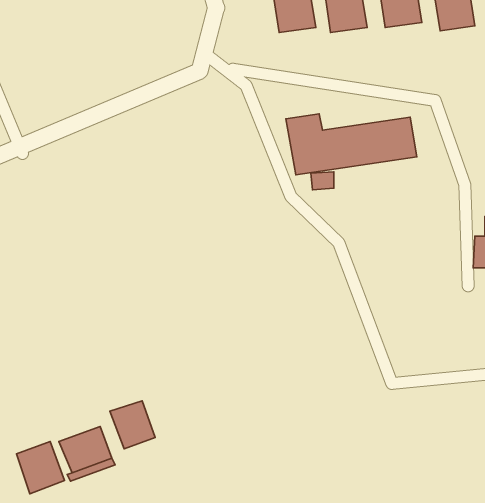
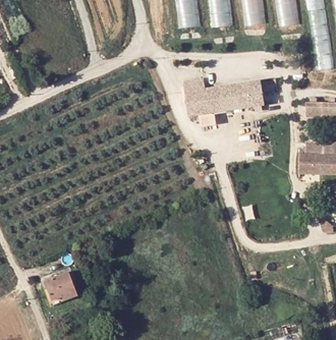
building: [110,401,155,449] -> none
building: [16,442,65,494] -> none

